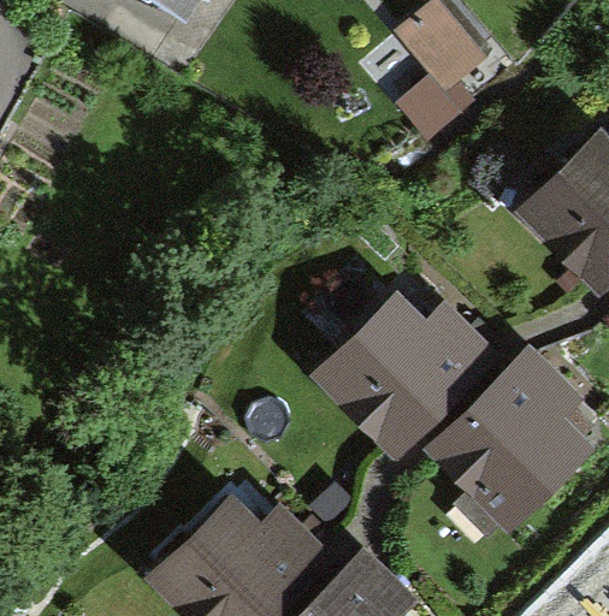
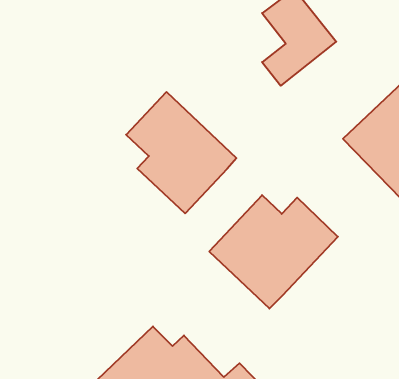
building: none -> [126,92,236,213]
building: [426,344,589,527] -> none

